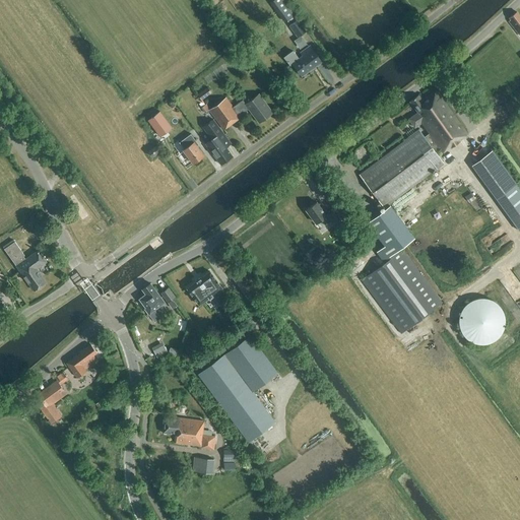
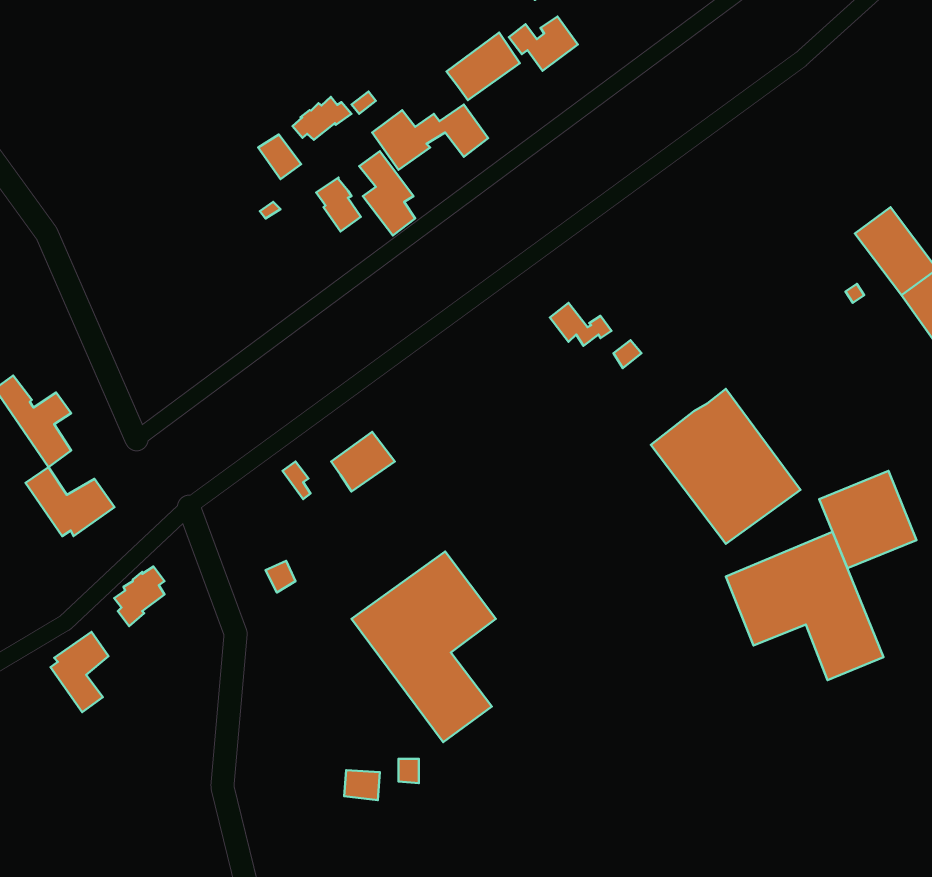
building: none -> [446,32,520,100]
building: none -> [292,97,352,140]
building: [360,91,467,261] -> none
building: [139,284,164,322] -> none
building: none -> [25,467,115,536]
building: none -> [726,532,883,680]
building: [162,417,215,449] -> none

